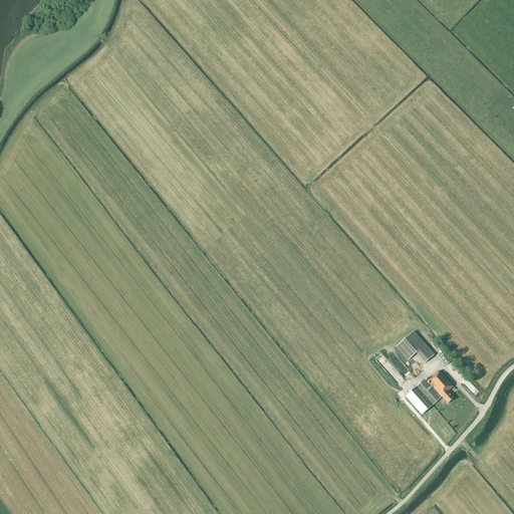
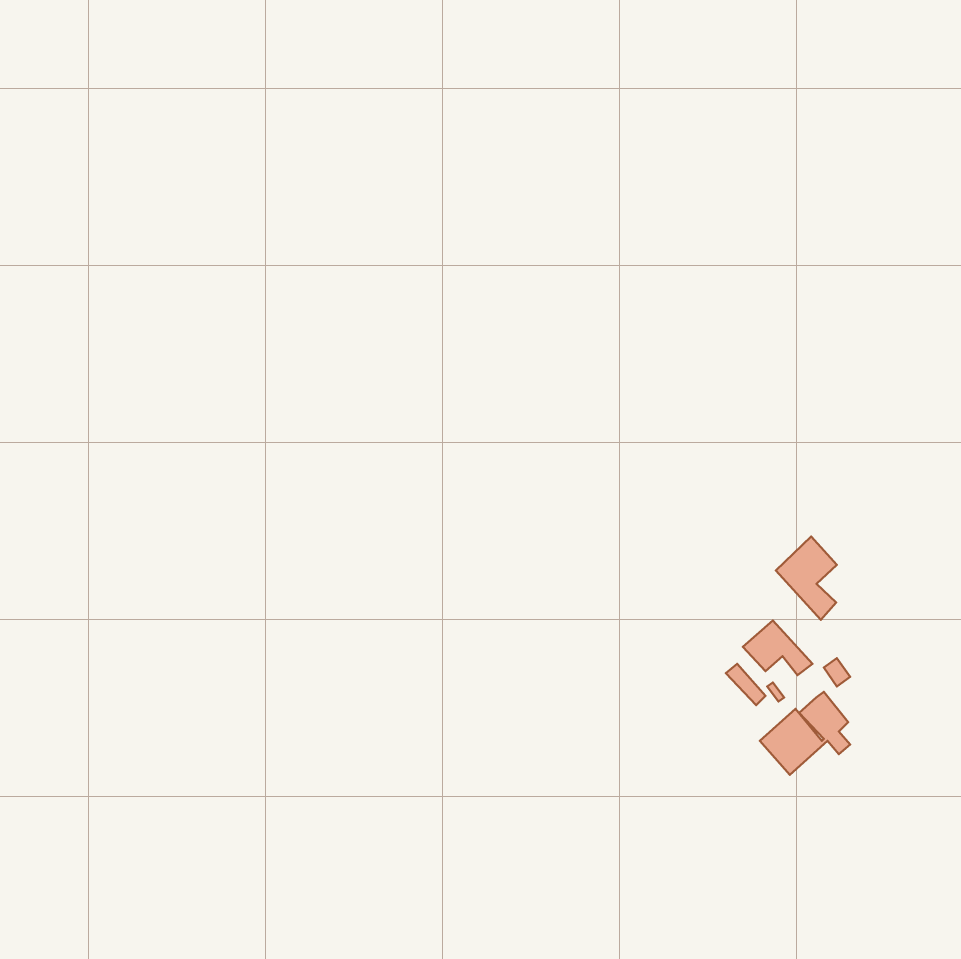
building: none -> [776,537,837,620]

